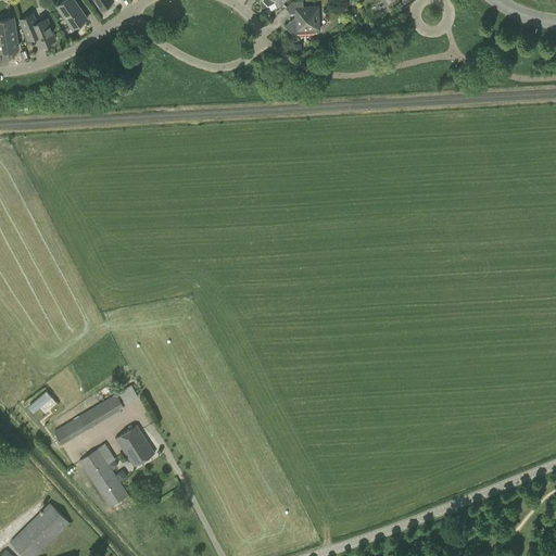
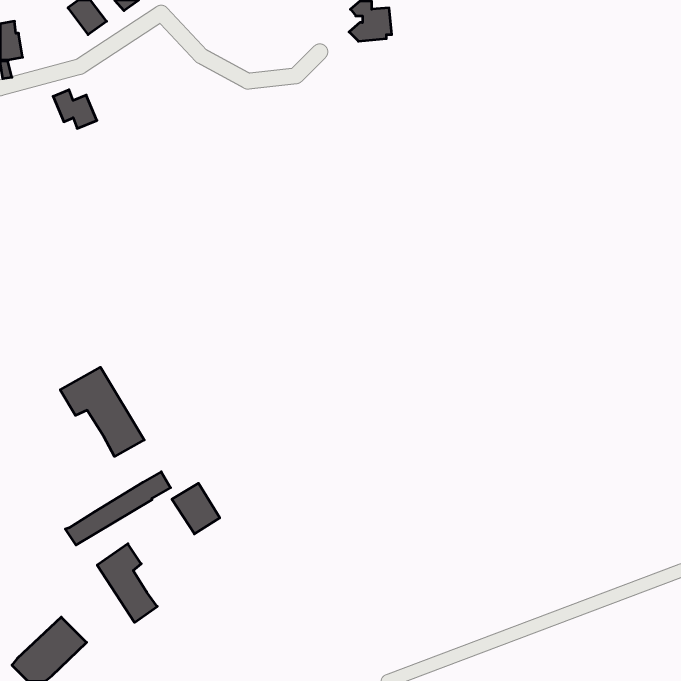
building: [20,14,55,46] -> [53,90,97,128]
building: none -> [60,367,144,456]
building: [115,425,154,466] -> [172,483,220,534]

